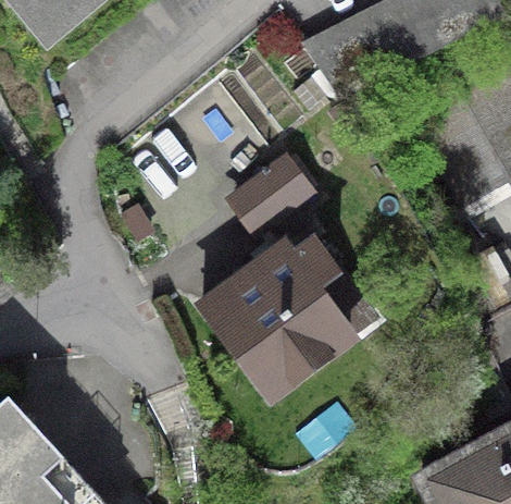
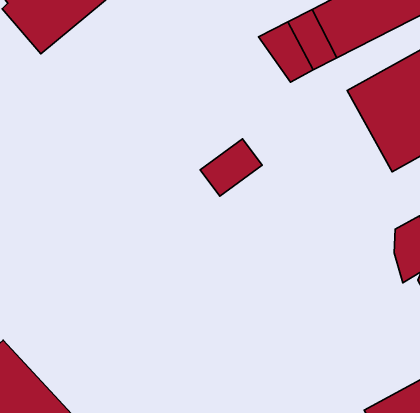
building: [212,239,374,395] -> none

